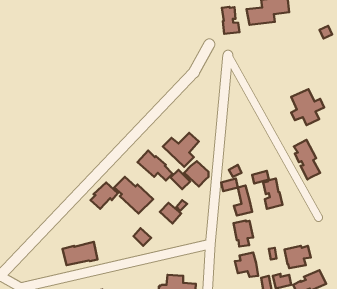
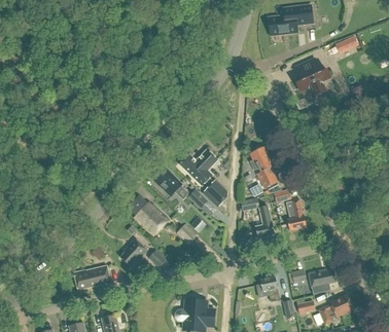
building: [222,7,239,34] -> none
building: [291,89,324,125] -> [296,59,331,97]
building: [294,140,320,180] -> [249,146,277,188]
building: [91,183,118,209] -> [119,238,148,266]
building: [234,220,253,247] -> none

